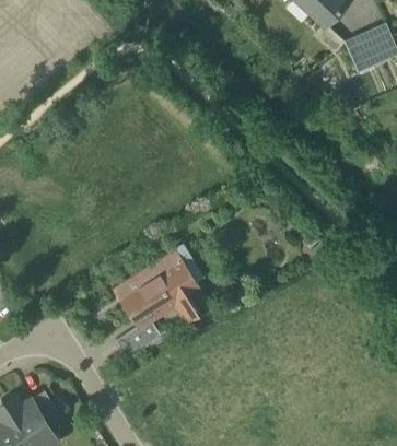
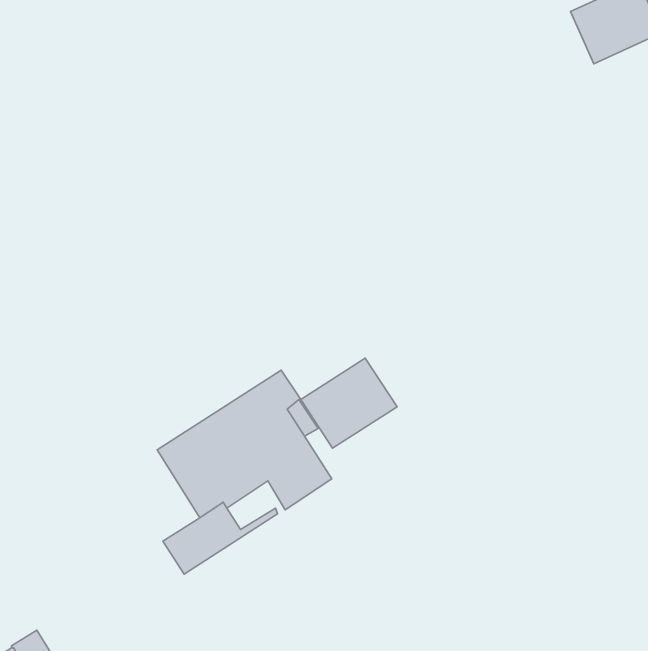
building: none -> [301,358,397,448]

